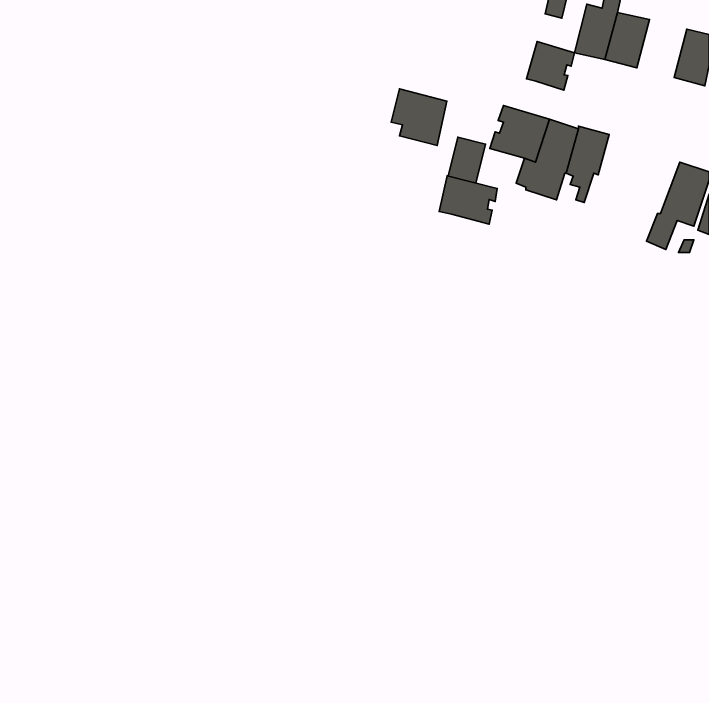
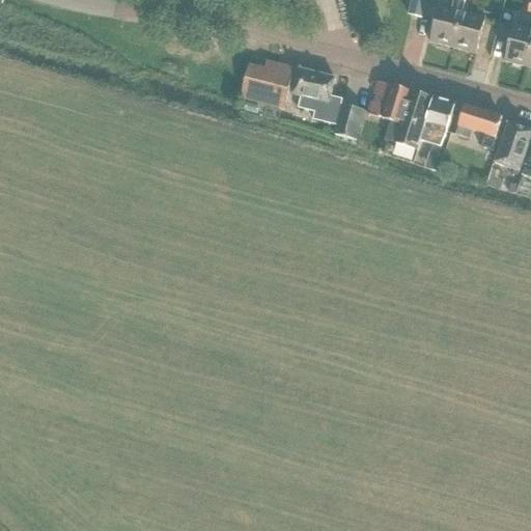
building: [527,41,574,90] -> none
building: none -> [241,58,294,106]
building: none -> [455,104,507,149]
building: [439,176,497,224] -> none

